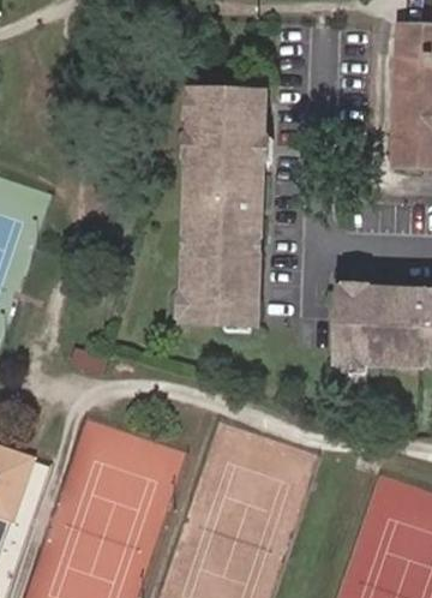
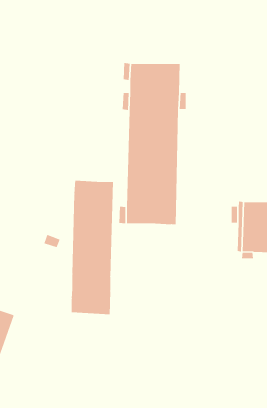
building: none -> [71,180,114,315]

